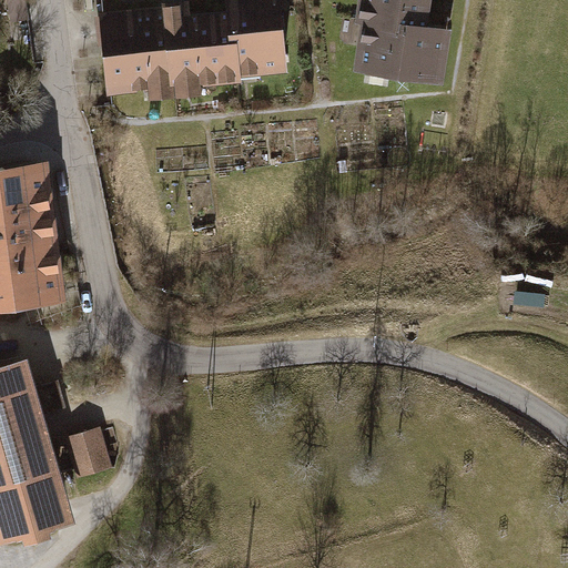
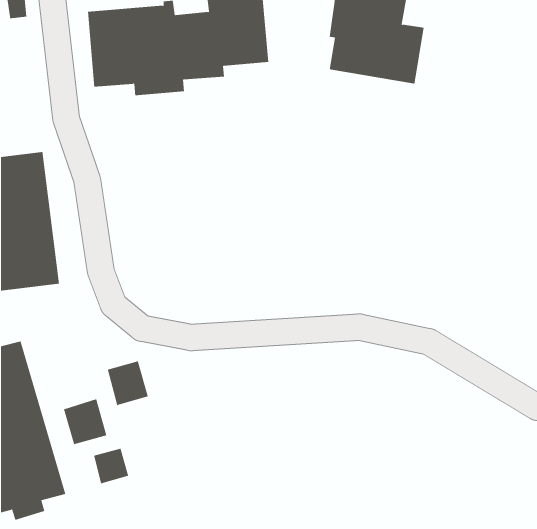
building: none -> [107,360,149,406]
building: none -> [93,448,129,484]

